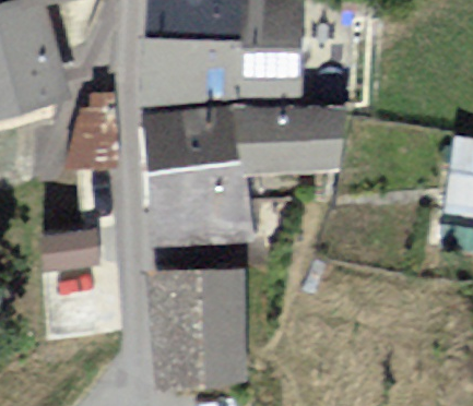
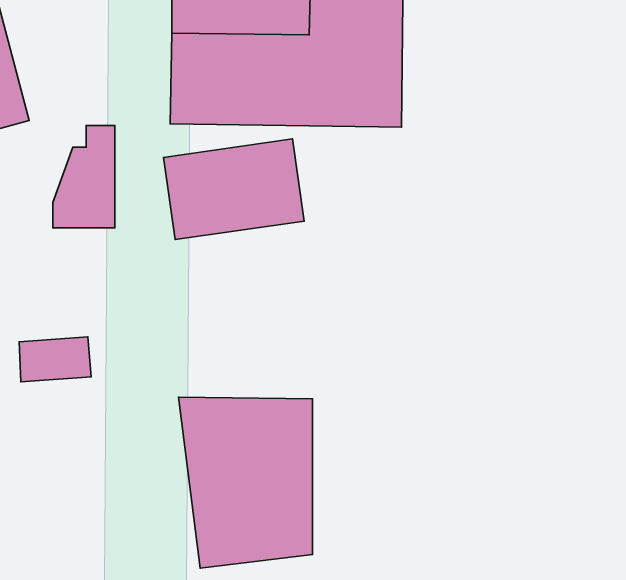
building: [240,105,340,166] -> none
building: [152,158,246,241] -> none

